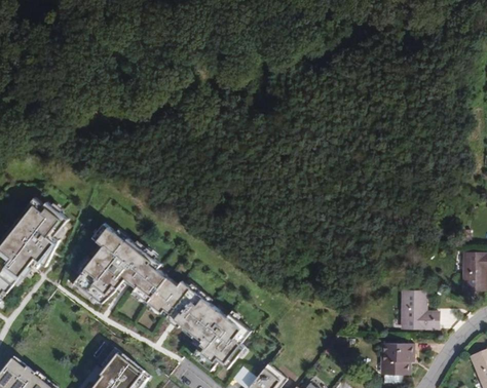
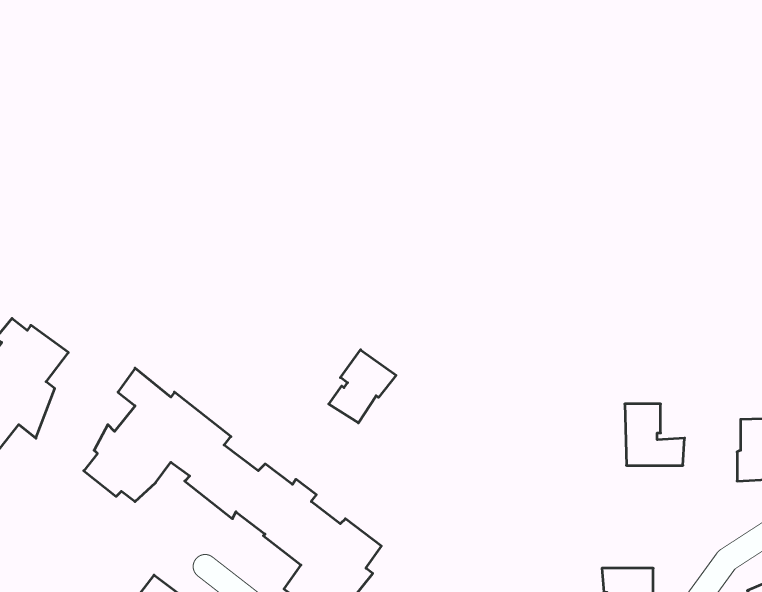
building: none -> [329,350,396,423]
building: [403,290,439,327] -> [625,404,685,465]

